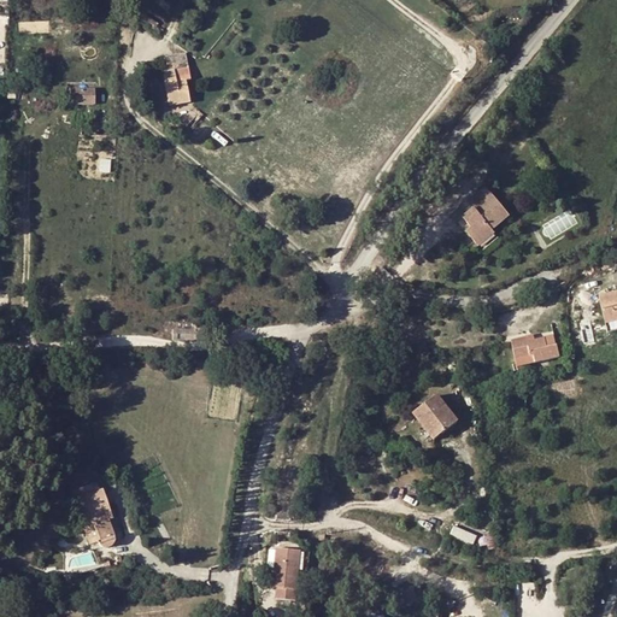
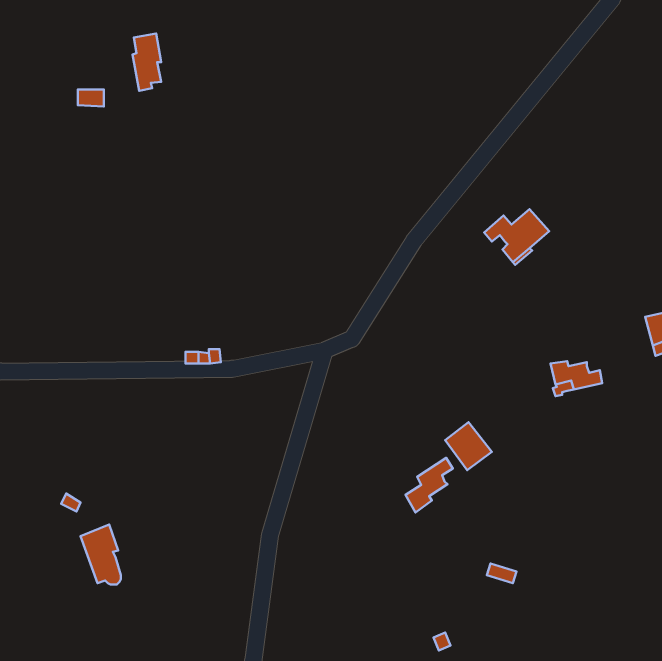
building: [164,51,190,104] -> [133,34,161,91]
building: none -> [405,458,453,513]
building: [274,547,304,601] -> none

